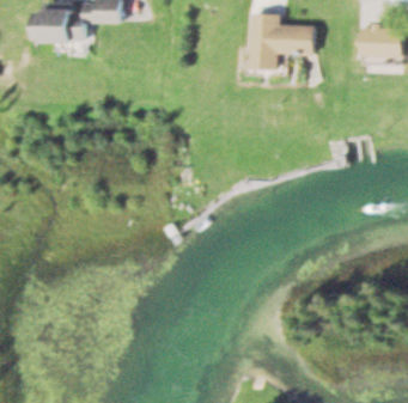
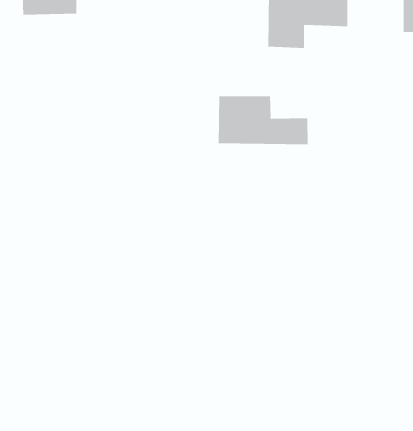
building: none -> [218,96,308,145]

